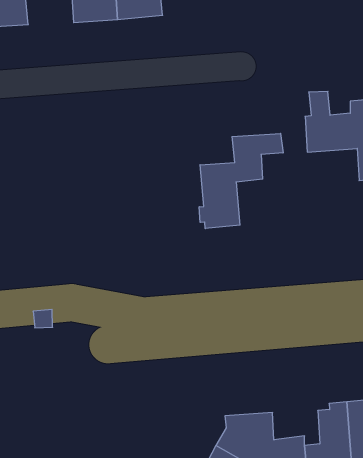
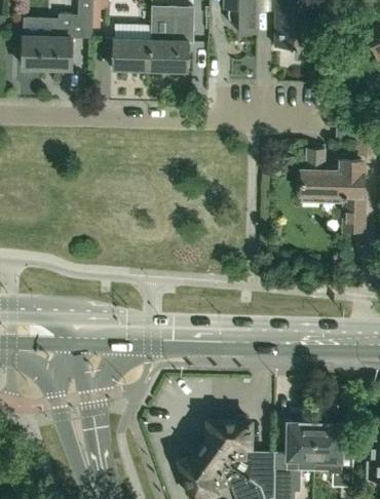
building: [199,133,283,229] -> none

